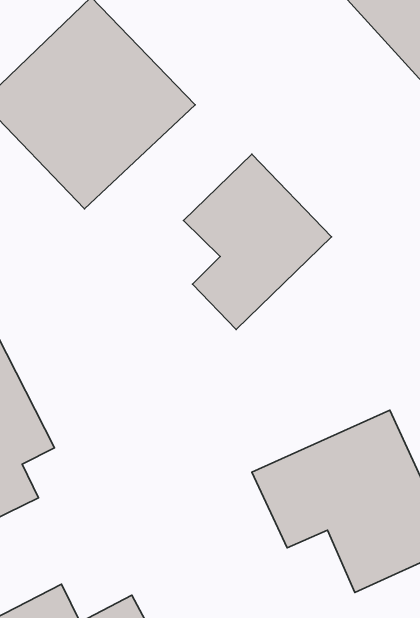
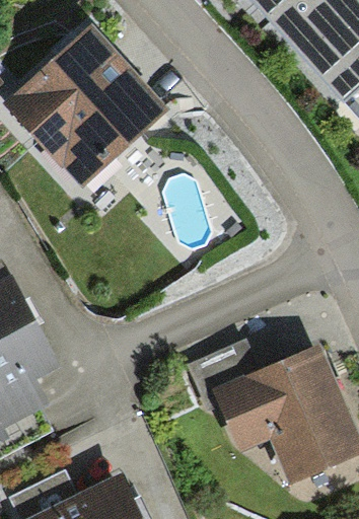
building: [184,154,331,330] -> none

